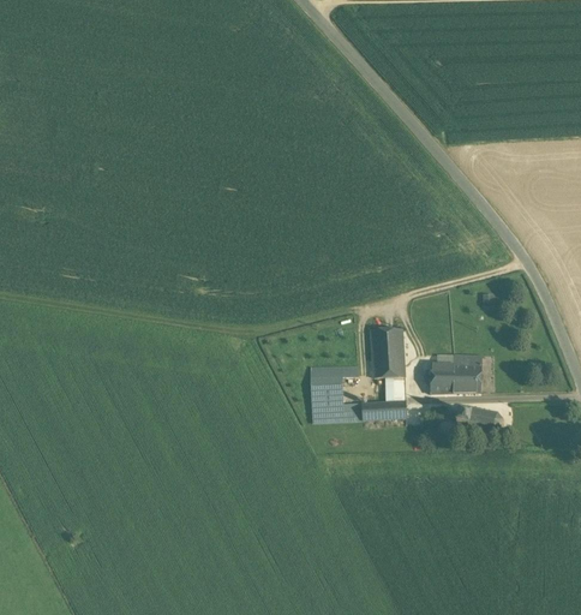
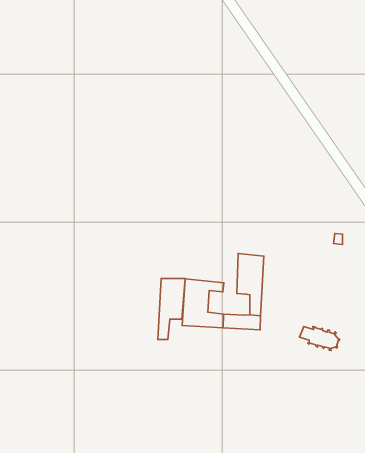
building: [430,354,483,394] -> none
building: none -> [158,278,185,339]

